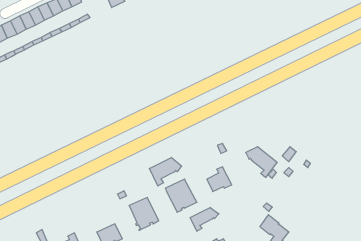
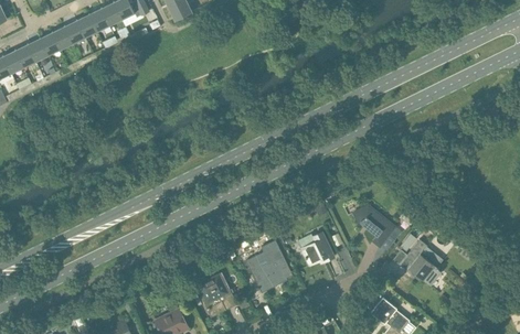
building: [149,157,182,186] -> none
building: none -> [406,240,442,285]
building: [190,207,219,231] -> none

